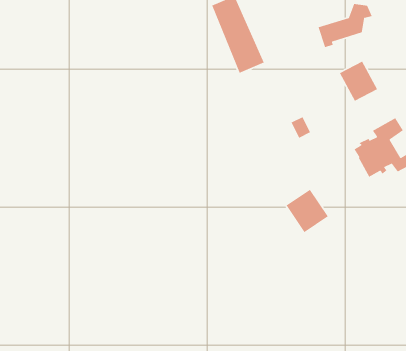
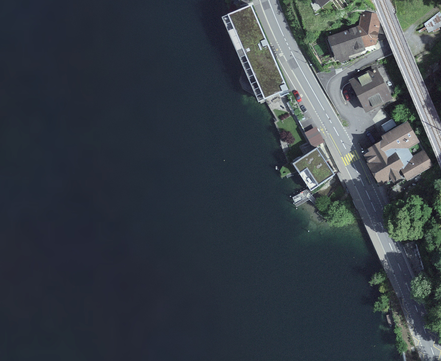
building: none -> [253,72,286,102]
building: [286,189,329,233] -> [291,148,333,191]

